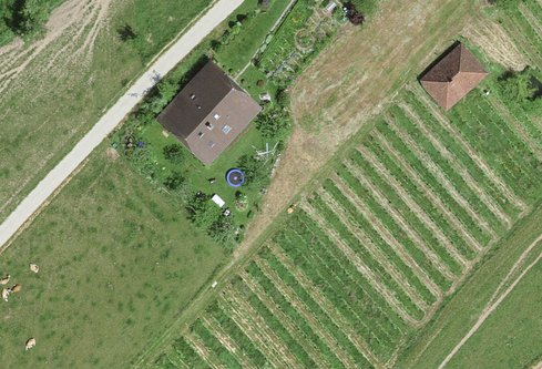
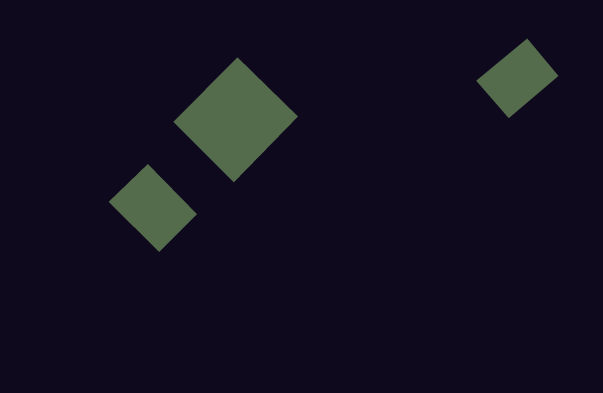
building: none -> [108,163,198,253]

